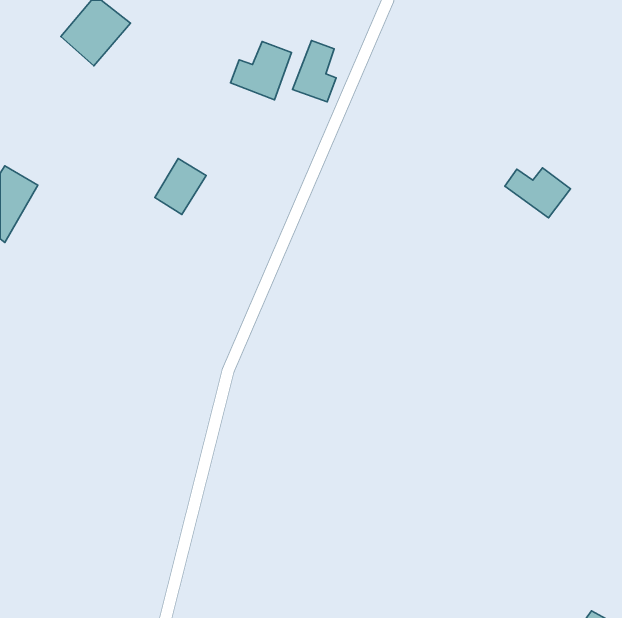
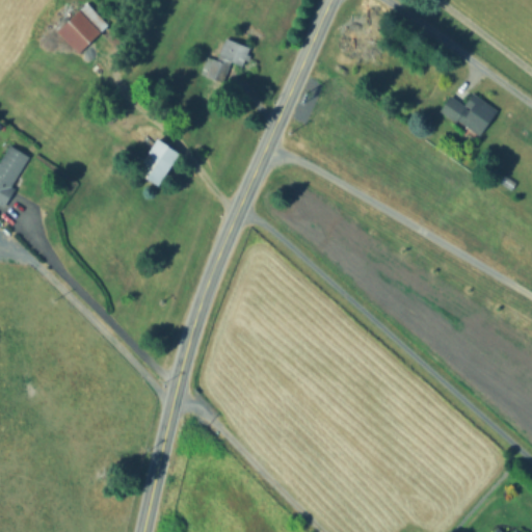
building: [292,40,336,102] -> none
building: [505,168,571,218] -> [443,92,499,135]

